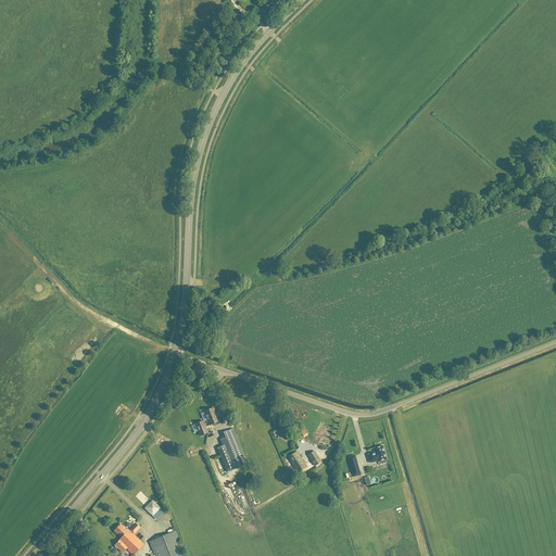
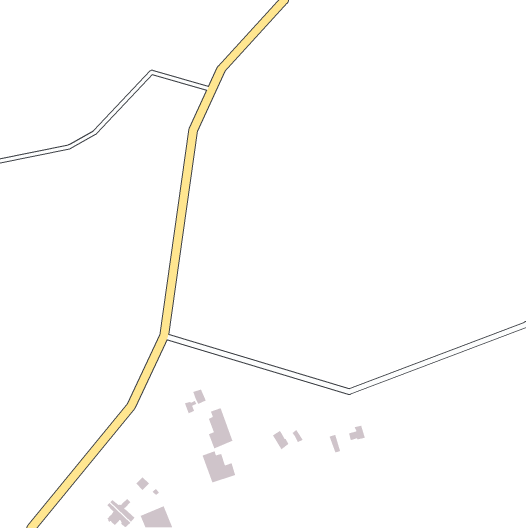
building: none -> [201,450,236,483]

